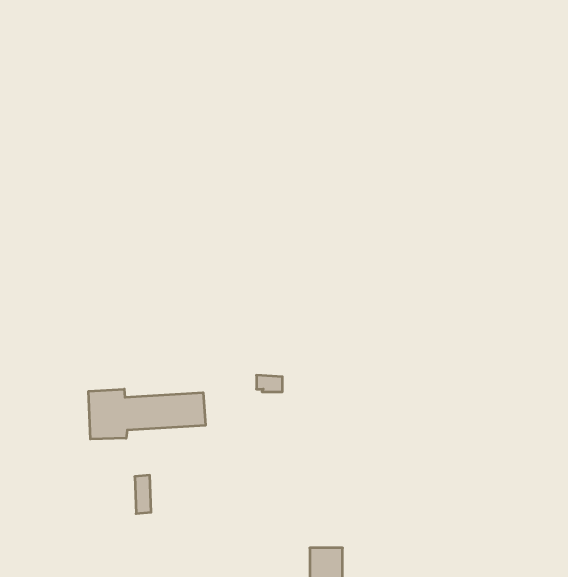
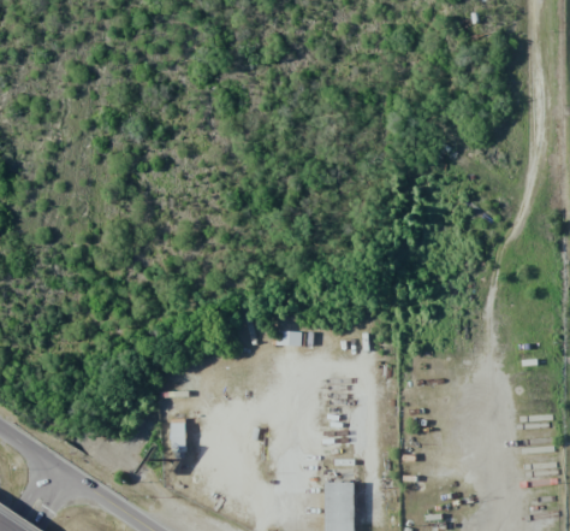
building: [89,389,205,439] -> none

